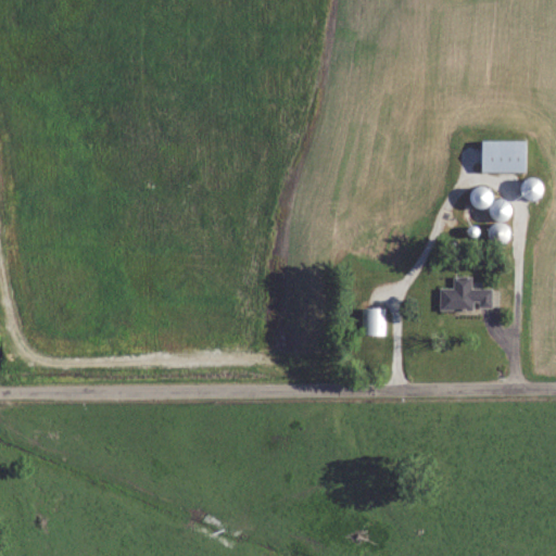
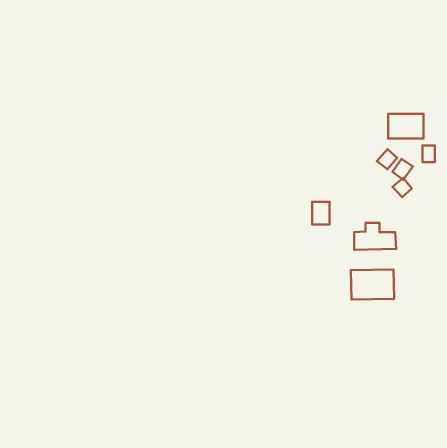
building: [363,306,384,334] -> [312,202,330,225]
building: none -> [351,269,394,300]

